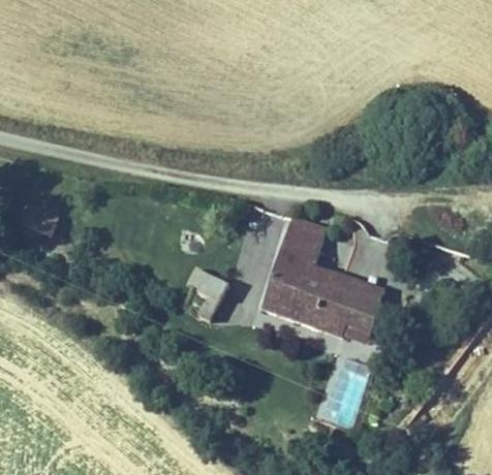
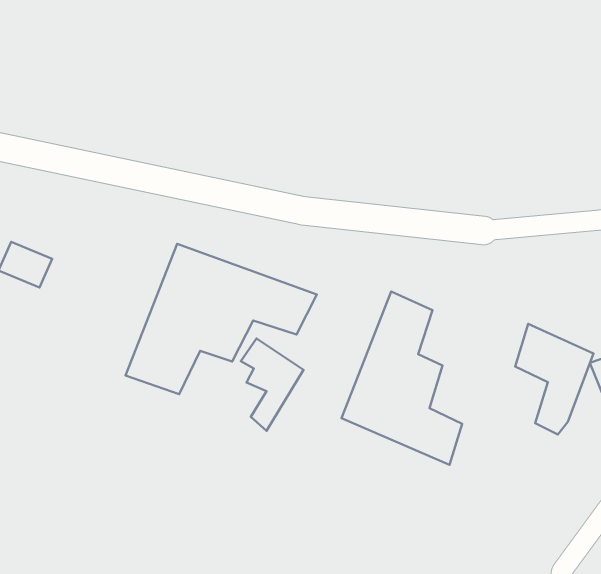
building: none -> [125,244,317,394]
building: [324,280,380,360] -> [515,324,593,435]

